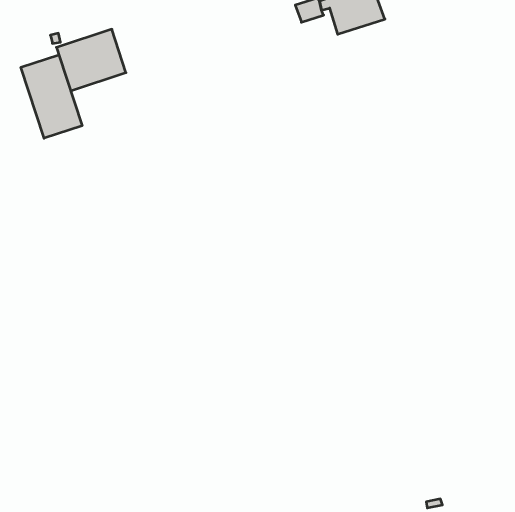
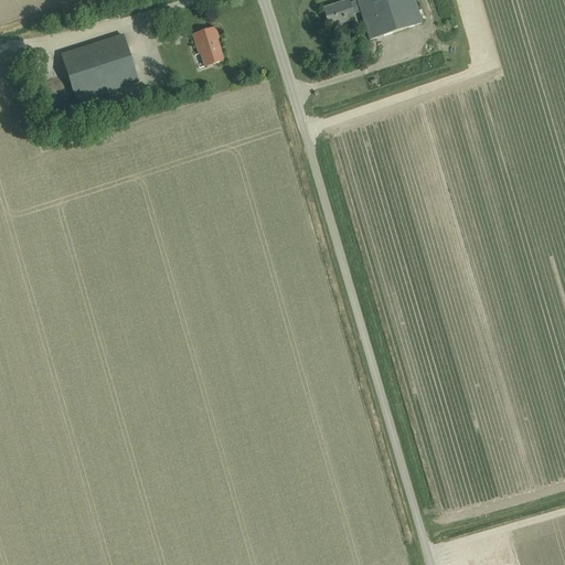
building: none -> [193,25,223,64]
building: [21,55,82,138] -> none

